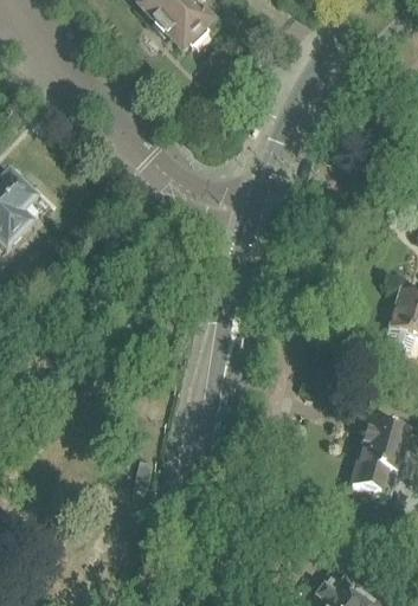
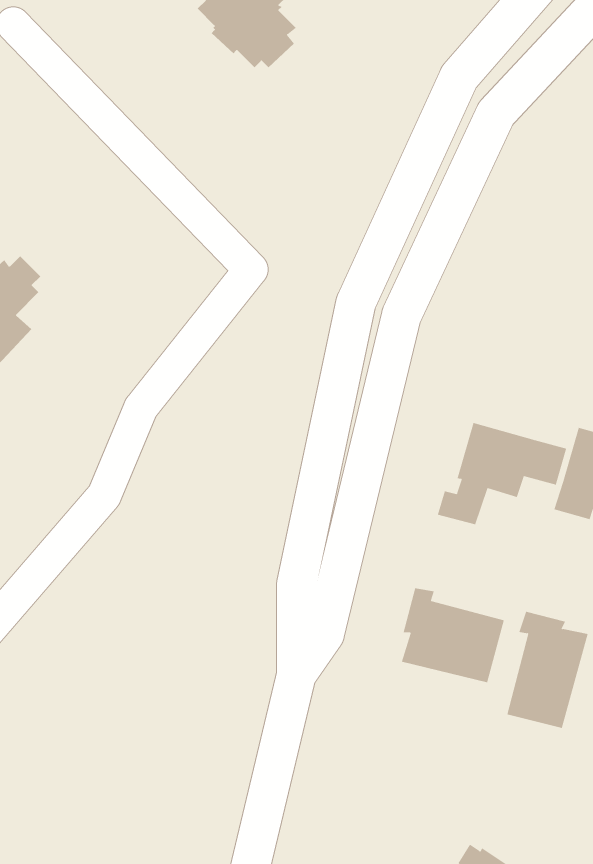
building: none -> [437,422,567,525]
building: none -> [401,588,505,683]

